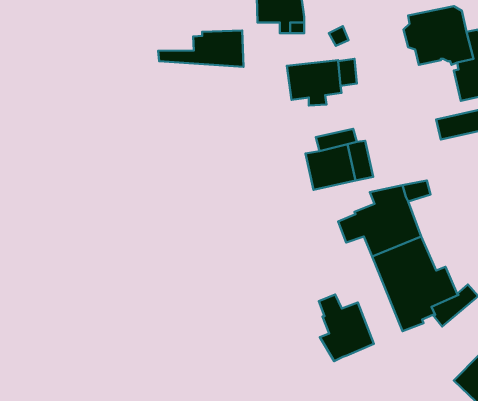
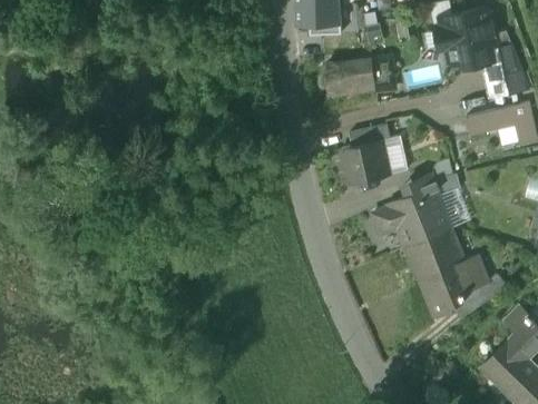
building: [158,31,244,67] -> none
building: [319,295,374,361] -> none

